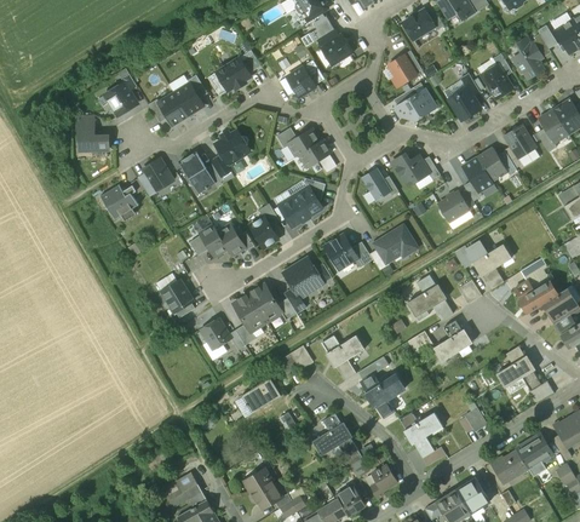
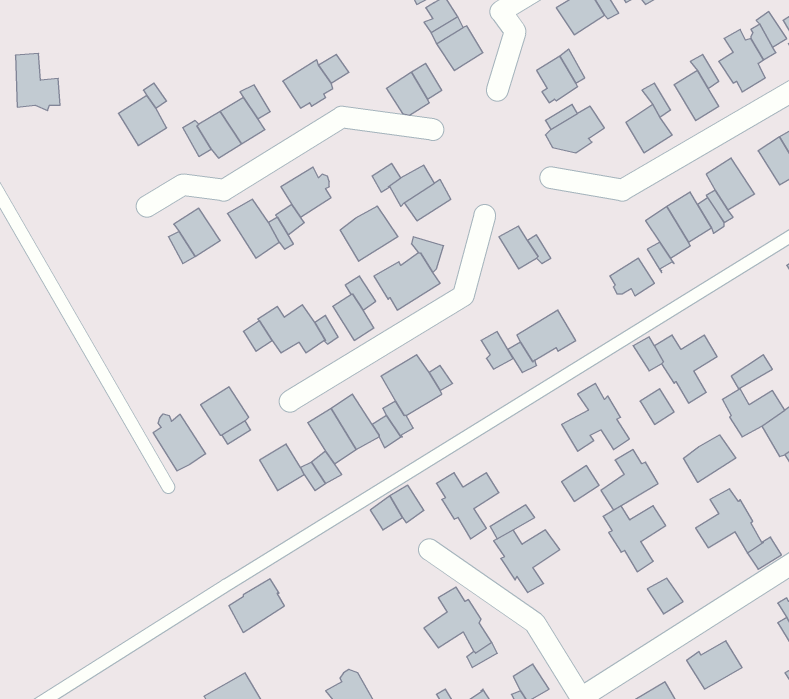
building: [77,114,108,153] -> [15,53,60,111]
building: [391,153,429,182] -> none
building: none -> [340,206,398,261]
building: [99,183,138,219] -> none
building: [323,234,356,269] -> none
building: none -> [153,414,206,471]
building: none -> [683,435,736,482]
building: [241,377,278,413] -> [229,579,284,632]
building: [398,413,441,458] -> [603,506,666,572]
building: [516,432,552,477] -> none

